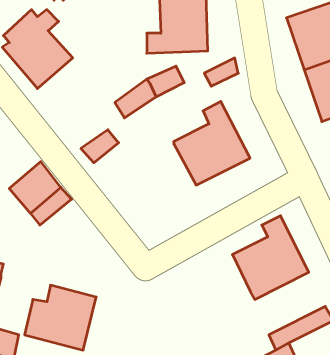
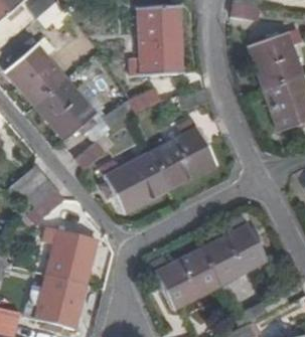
building: none -> [35,79,104,141]
building: none -> [99,151,171,213]
building: none -> [38,227,97,284]
building: none -> [150,247,221,310]

